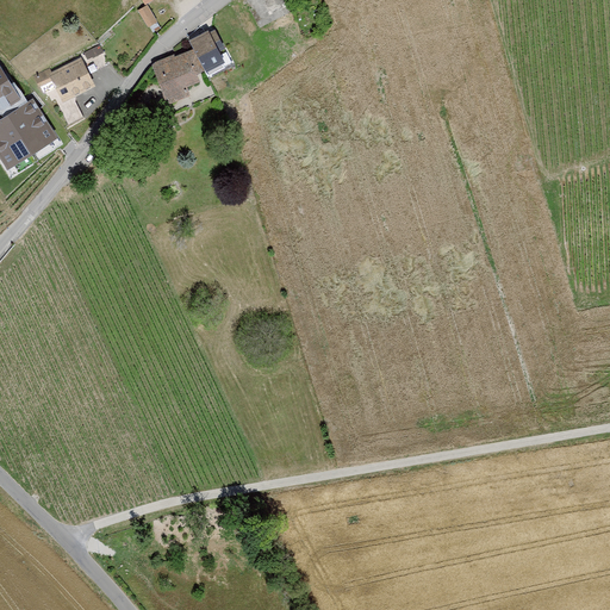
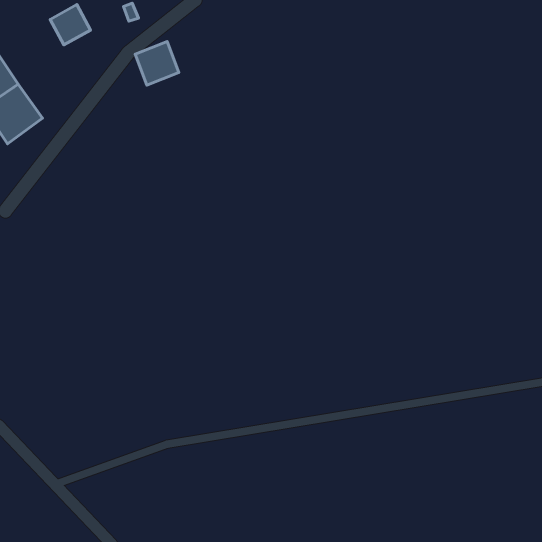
building: [193,35,226,73] -> none
building: [51,58,97,104] -> [50,4,91,45]

